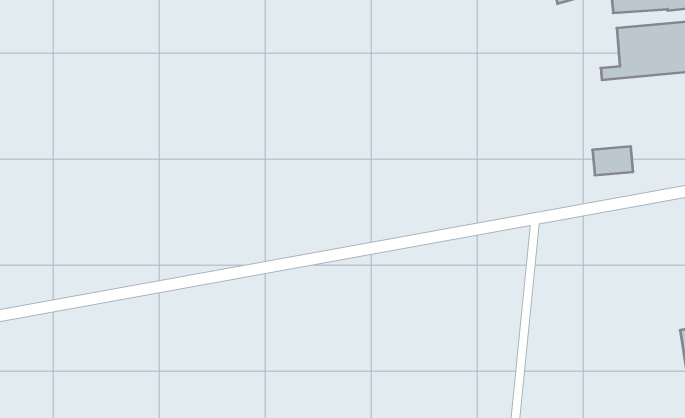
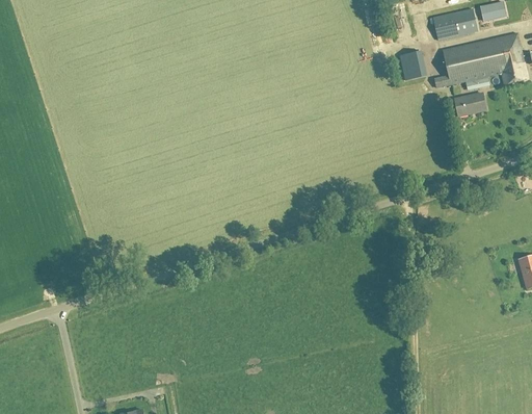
building: none -> [396,50,425,80]
building: [592,147,633,175] -> [454,92,485,115]

